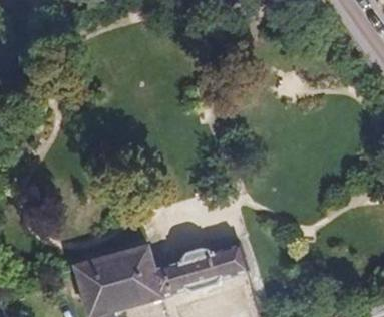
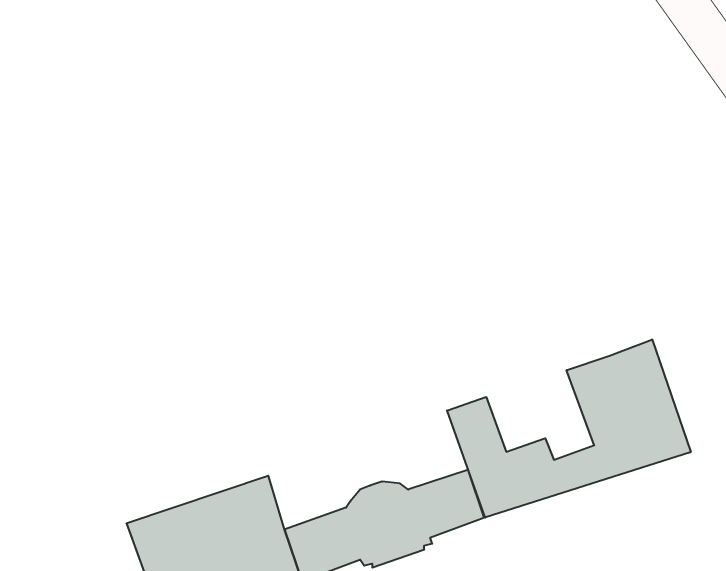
building: none -> [447,339,691,518]

